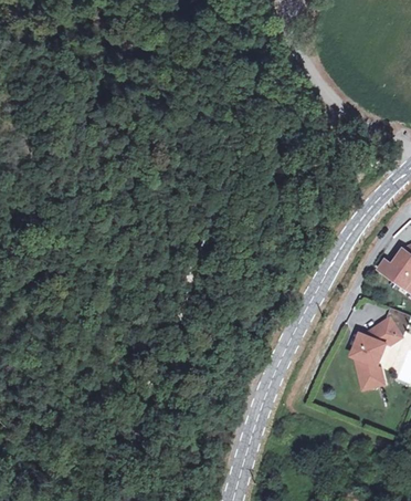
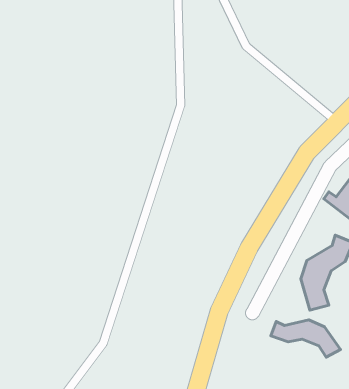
building: none -> [271,320,340,357]

